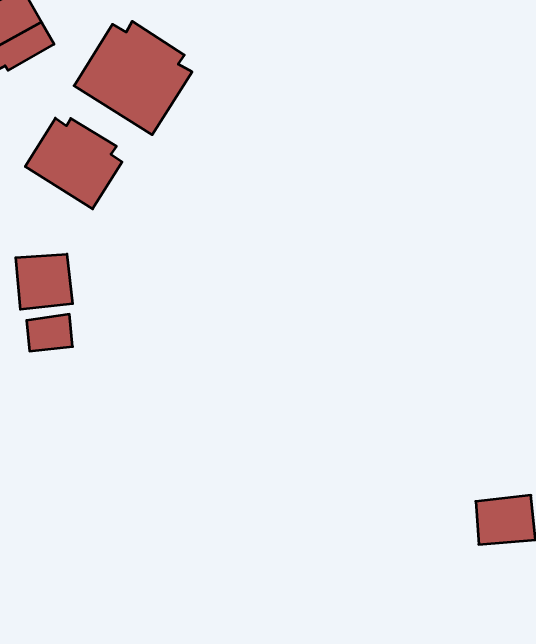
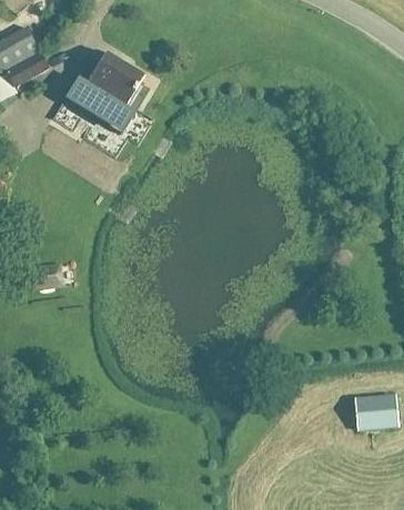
building: [25,118,122,209] -> none
building: [16,254,73,309] -> none

